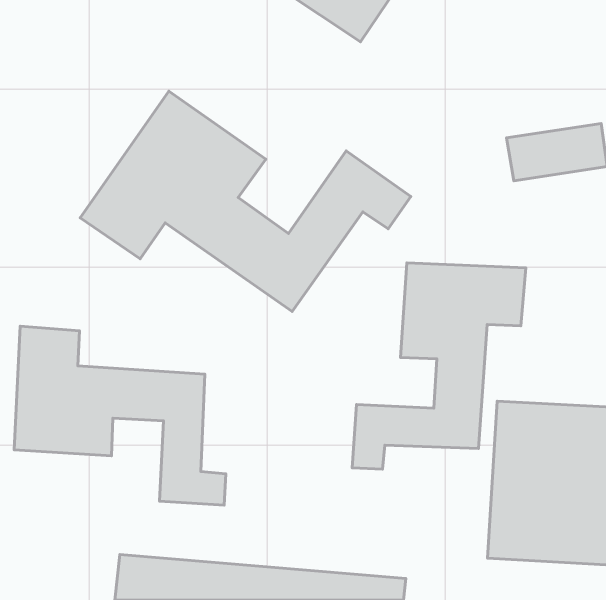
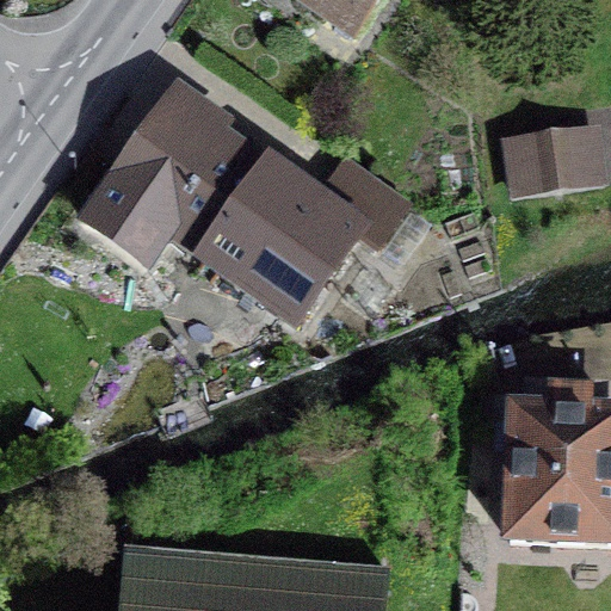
building: [352,263,526,469] -> none
building: [14,326,226,505] -> none

